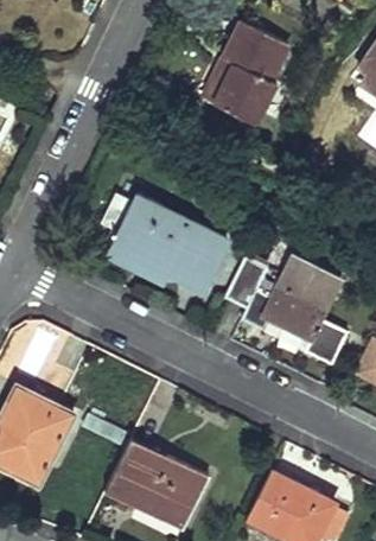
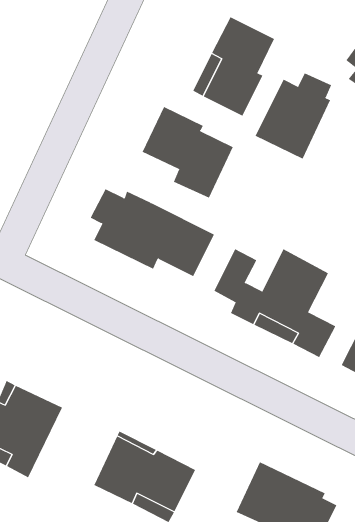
building: none -> [255,72,332,160]
building: none -> [142,106,234,198]

